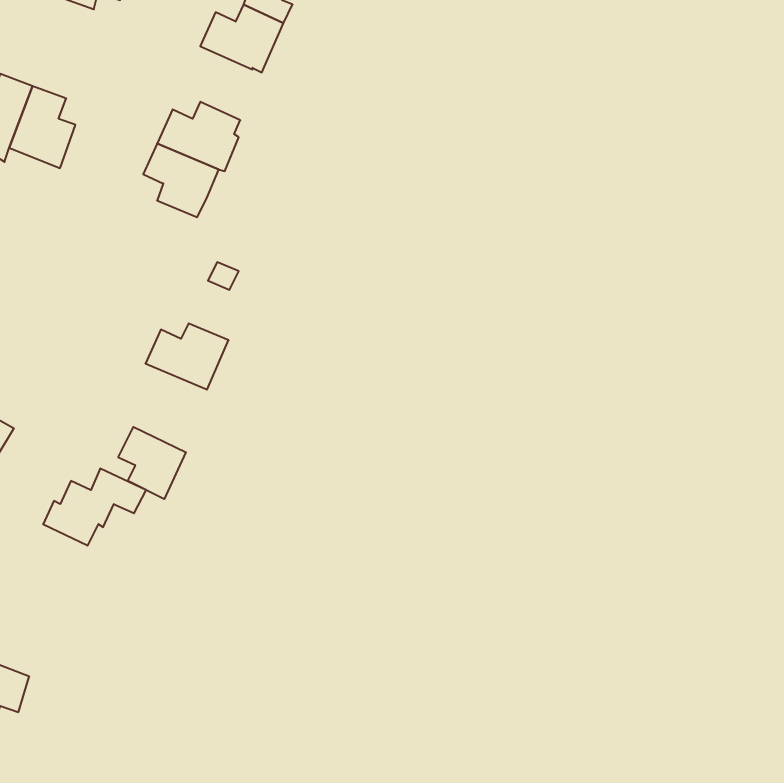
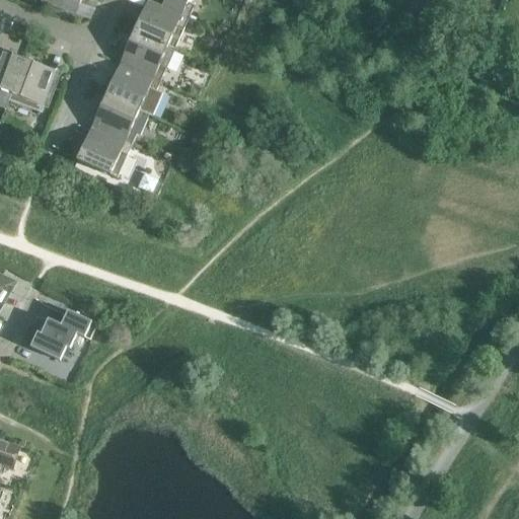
building: none -> [123,30,172,79]
building: [145,323,229,390] -> [75,132,130,175]
building: [118,427,186,499] -> none

